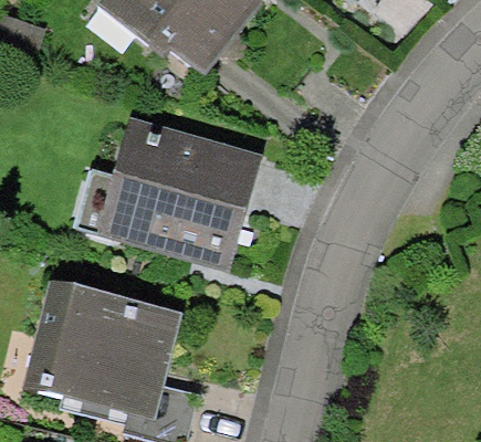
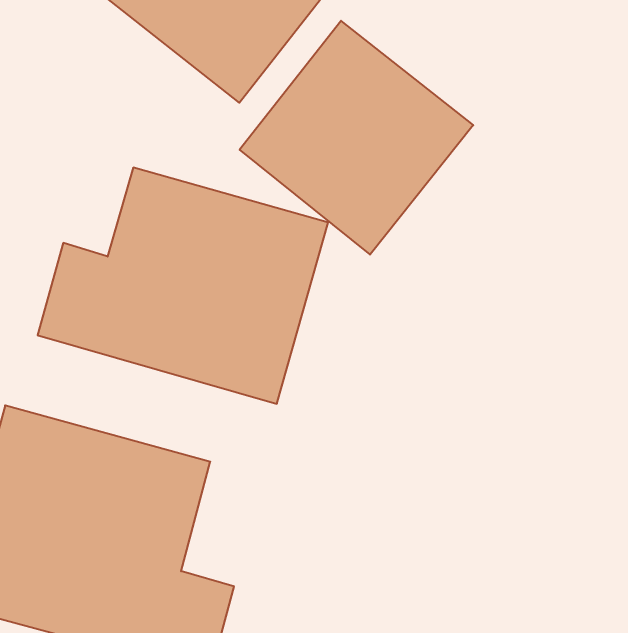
building: none -> [240,21,473,255]

